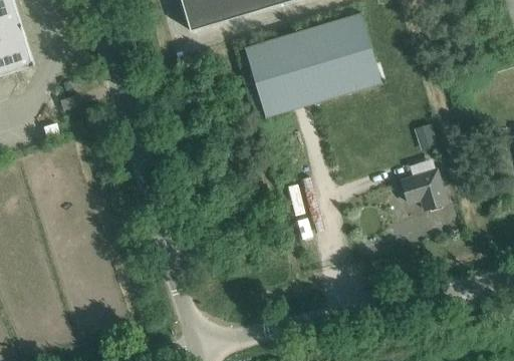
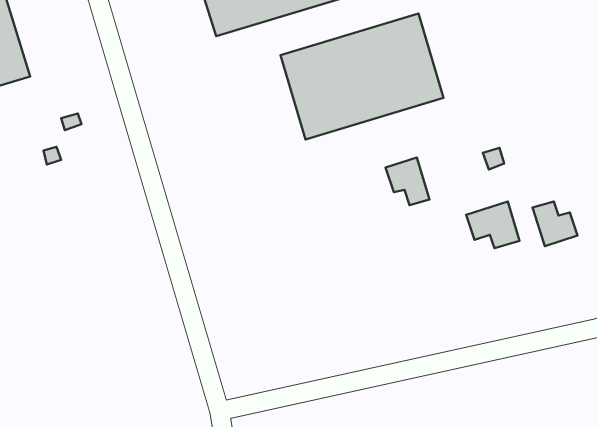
building: none -> [386,157,430,205]
building: none -> [533,201,578,246]

